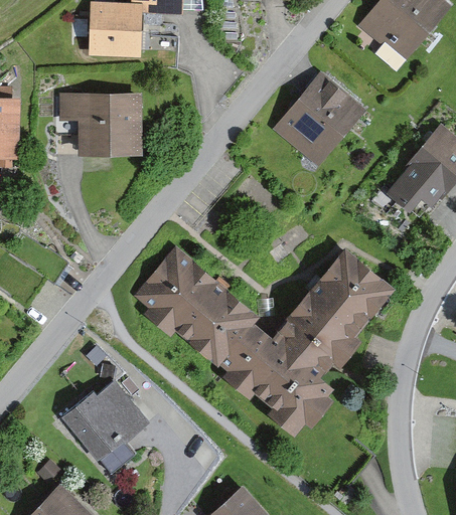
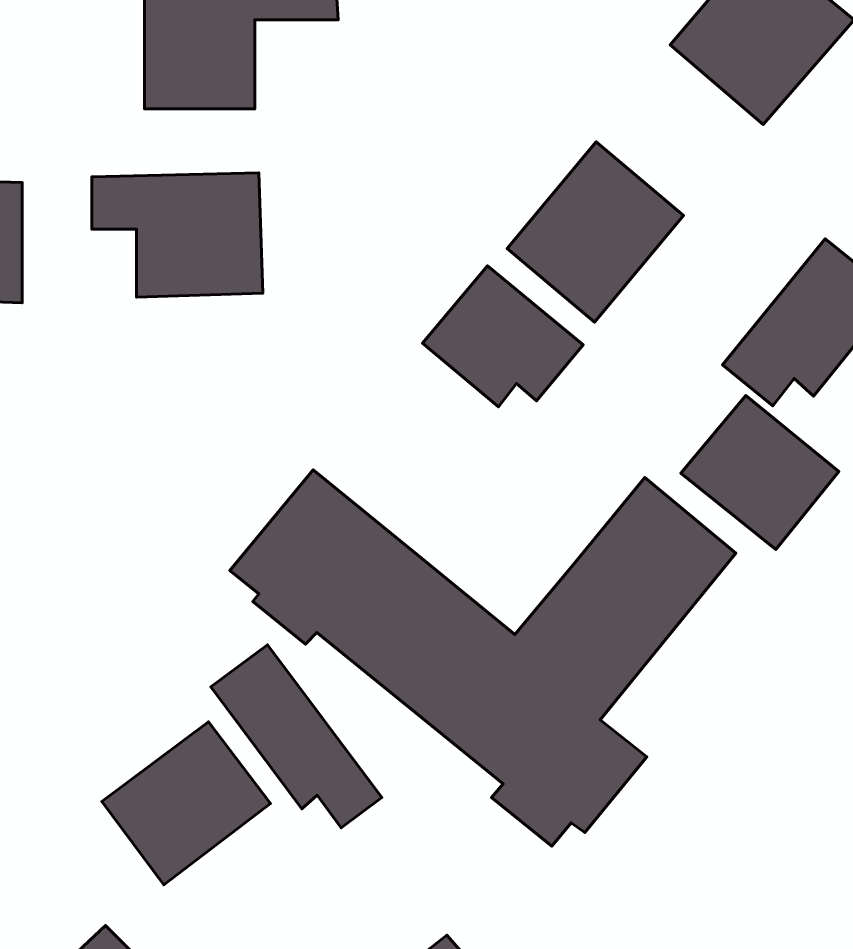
building: none -> [422,266,583,407]
building: none -> [681,396,839,550]
building: none -> [211,645,382,828]

